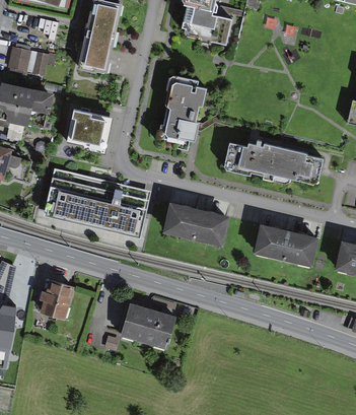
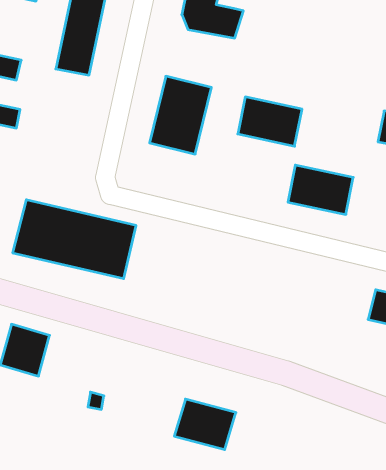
building: [67,109,109,147] -> none
building: [223,133,276,174] -> [238,97,302,146]
building: [164,207,224,245] -> none
building: [256,229,314,266] -> none
building: [121,305,171,347] -> [174,399,236,450]

